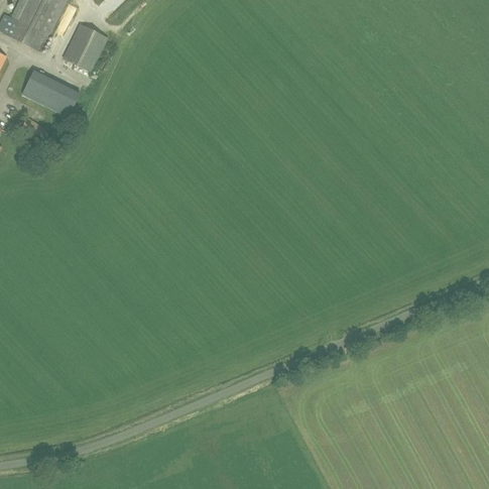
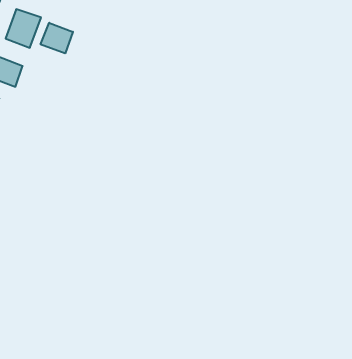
building: none -> [41,23,73,53]

